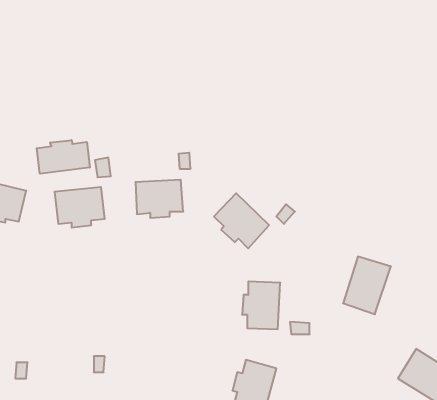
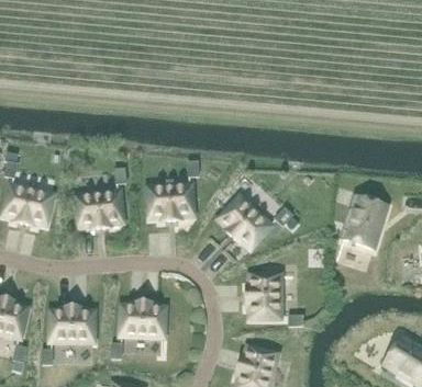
building: [37,140,90,174] -> none
building: [343,257,391,314] -> [344,197,387,249]
building: none -> [121,303,164,337]
building: none -> [52,308,93,341]

